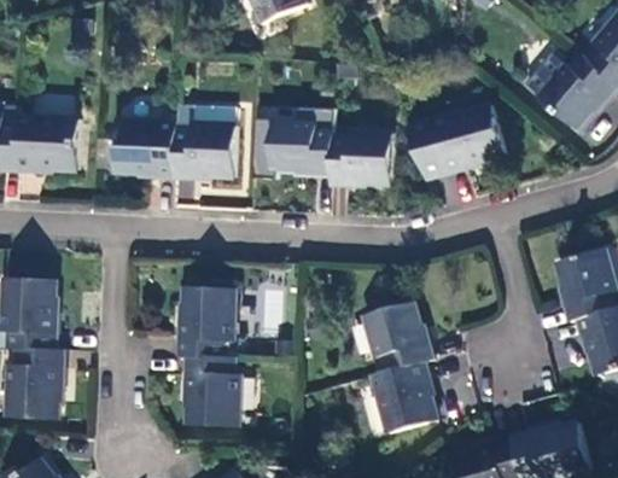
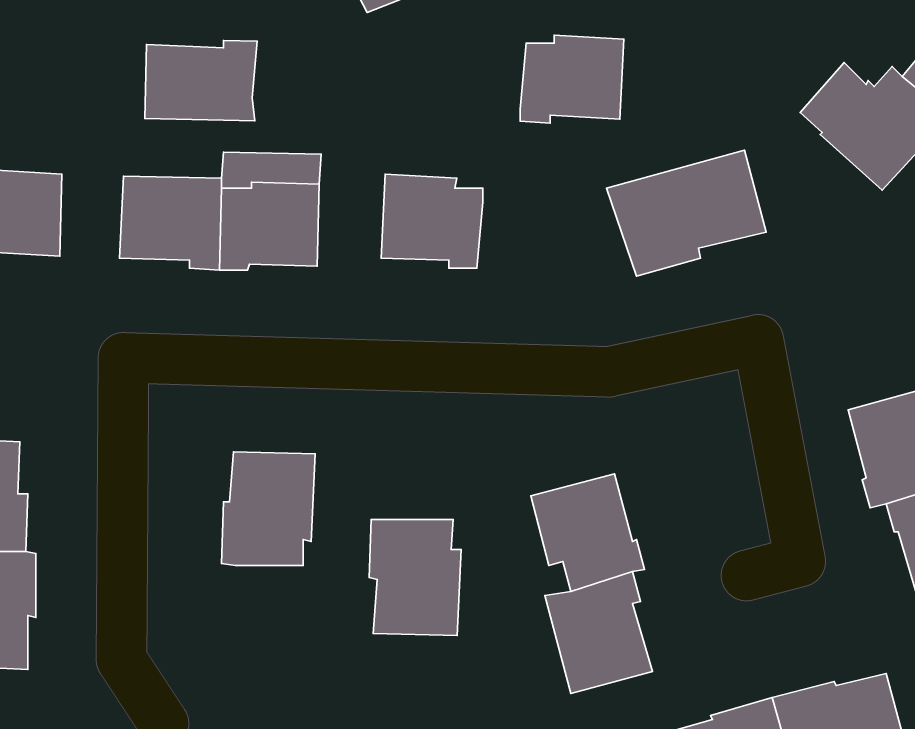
building: none -> [145,41,257,121]
building: [330,132,392,185] -> [520,35,624,123]
building: [182,356,238,426] -> [369,520,461,635]

